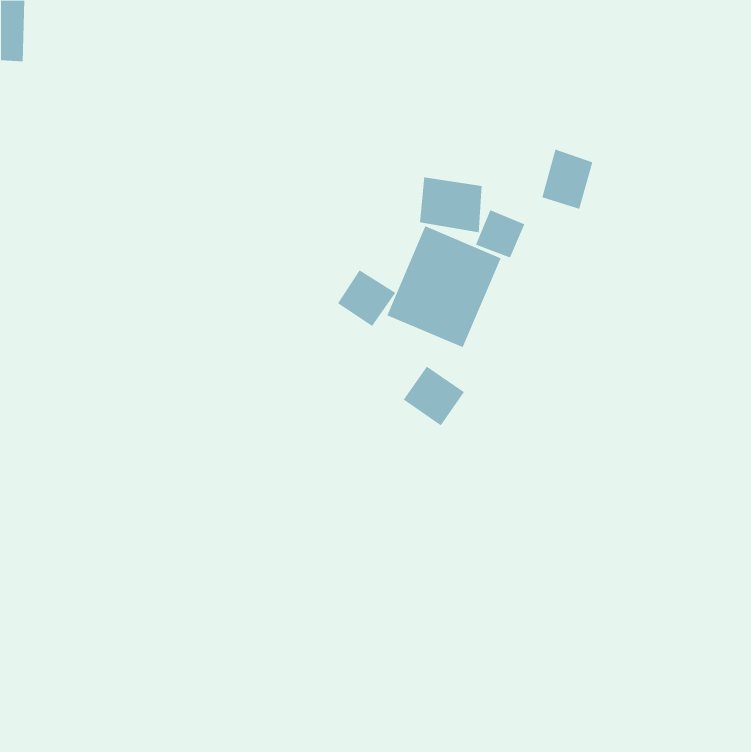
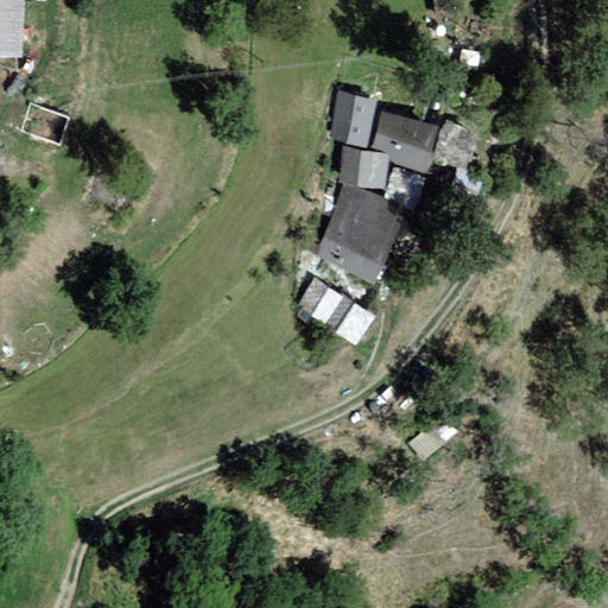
building: none -> [330,91,376,144]
building: none -> [379,113,441,176]
building: [337,269,396,327] -> [298,277,346,323]

